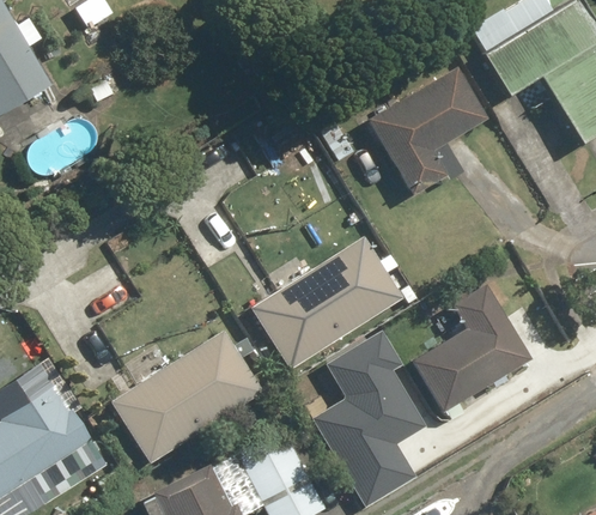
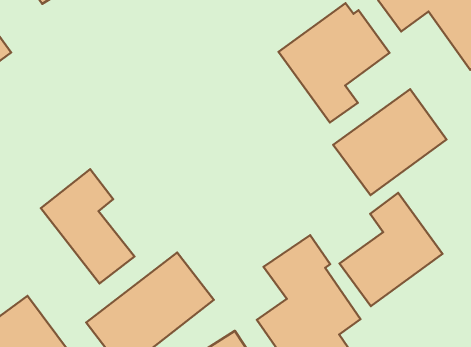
building: none -> [333,89,447,195]
building: none -> [41,169,134,283]
building: [251,237,402,370] -> none

